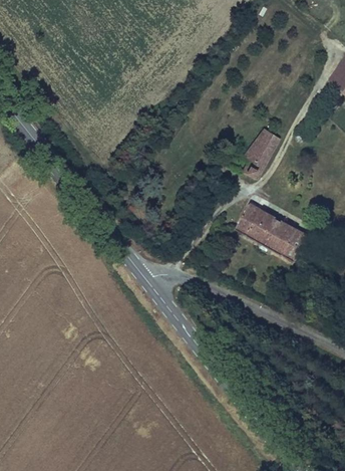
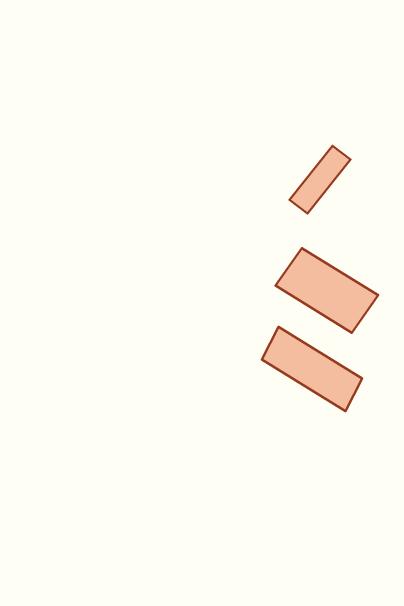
building: none -> [262,327,362,411]

